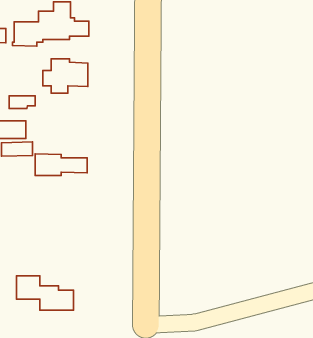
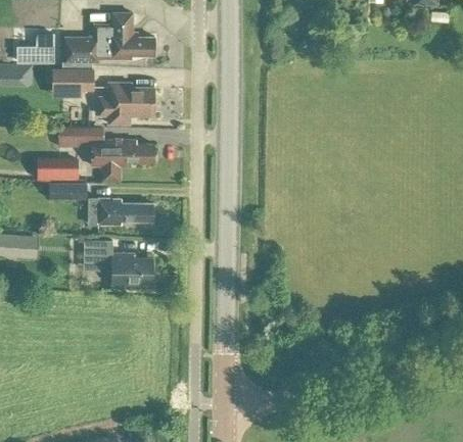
building: none -> [51,66,91,91]
building: none -> [91,140,153,182]
building: [16,276,73,310] -> [83,241,152,283]

